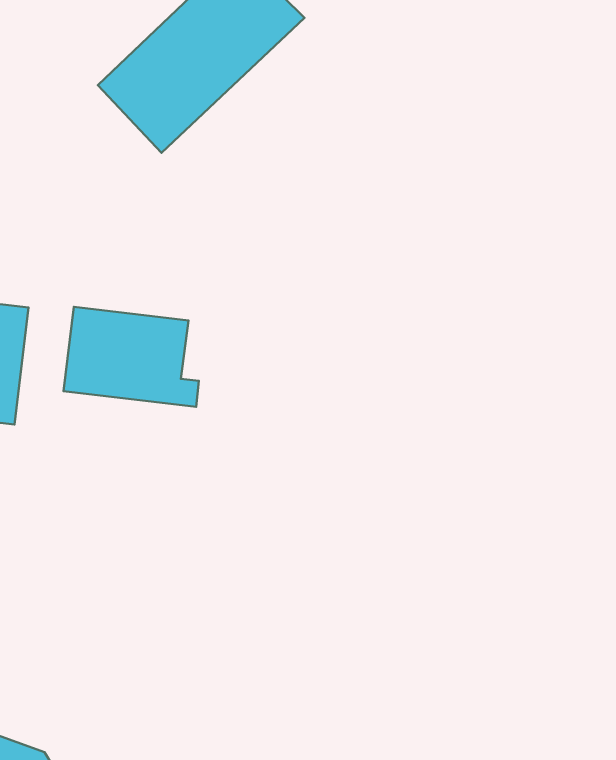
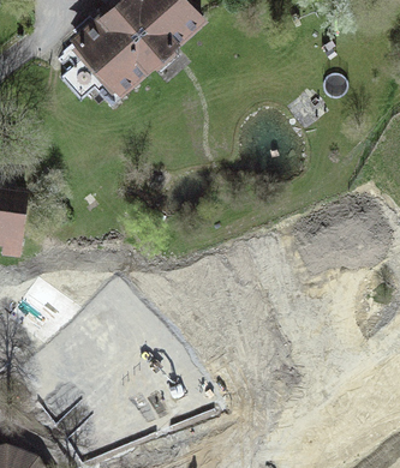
building: [64,307,199,407] -> none

